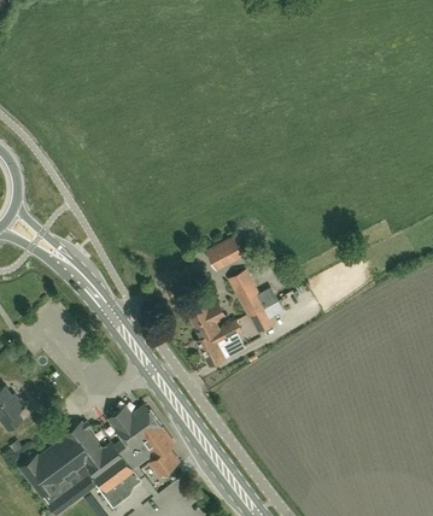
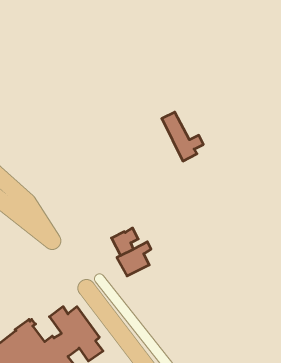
building: [206,239,241,269] -> none
building: [229,270,283,334] -> [162,112,203,161]

